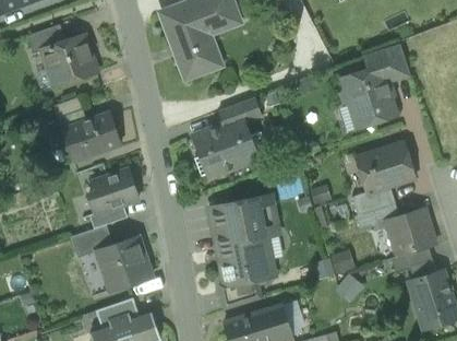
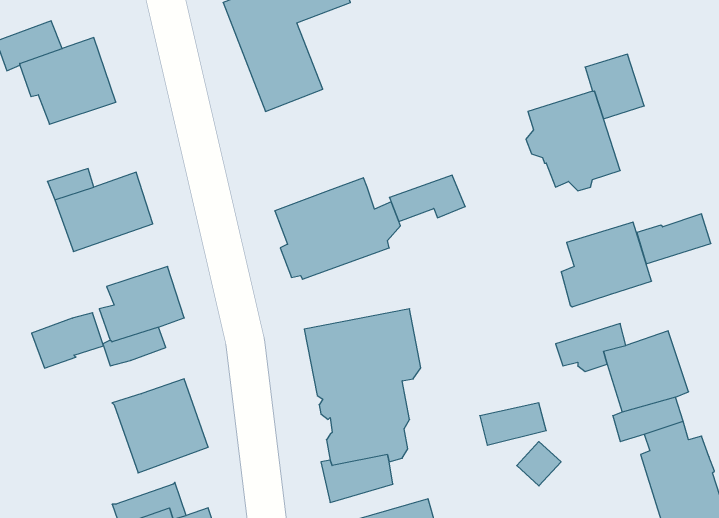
building: [218,97,263,125] -> [389,175,465,221]
building: [352,186,396,215] -> [637,214,711,264]
building: [71,225,113,258] -> [32,313,104,368]

